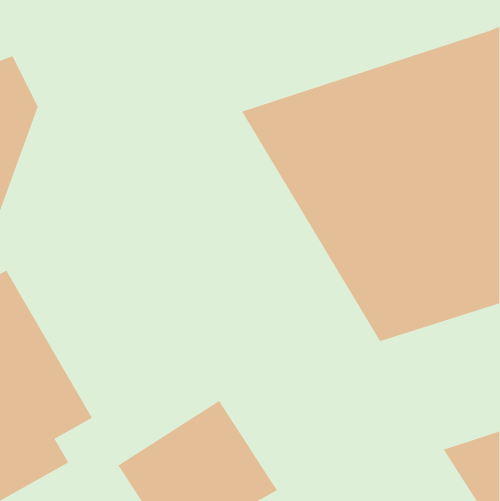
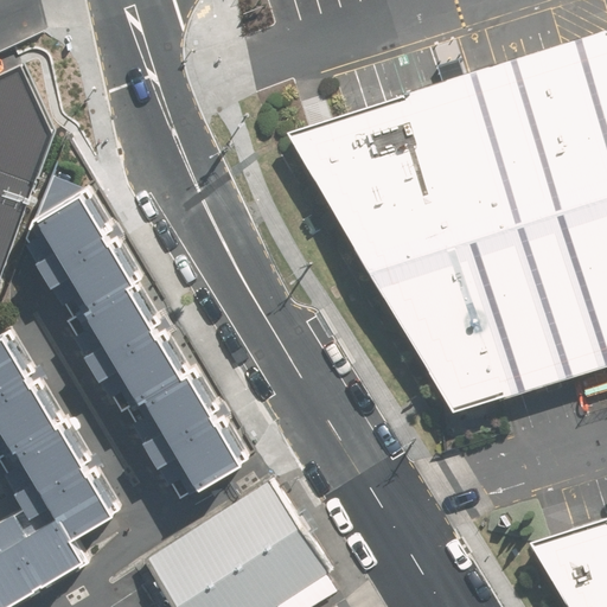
building: none -> [15,183,245,491]

